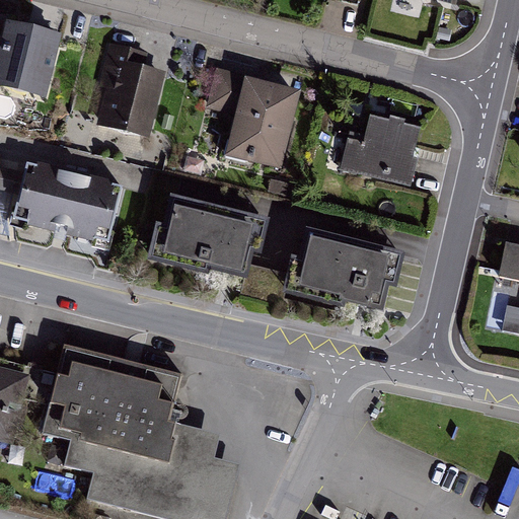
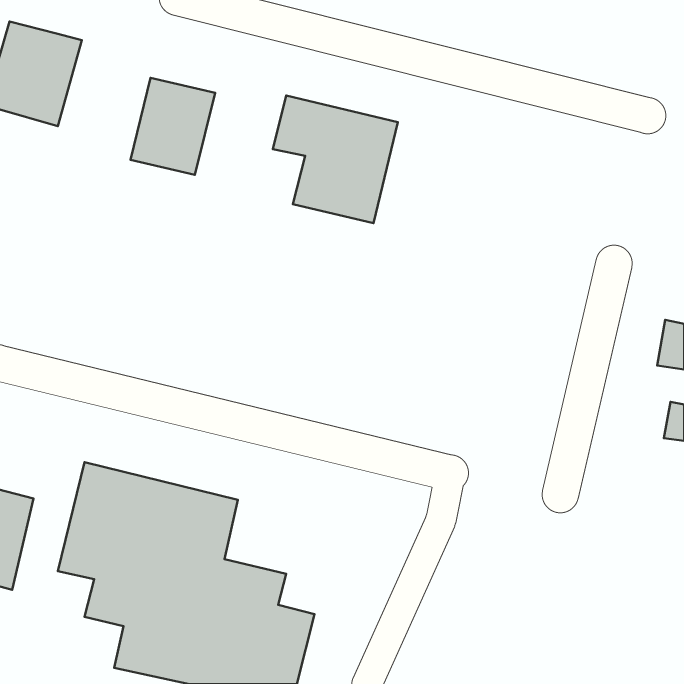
building: [341,113,419,188] -> none
building: [11,159,121,238] -> none
building: [156,195,262,275] -> none
building: [286,227,393,307] -> none

